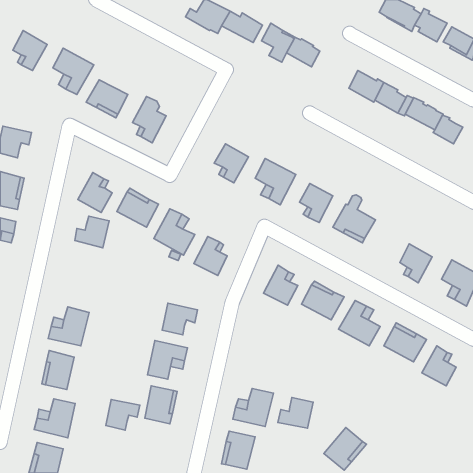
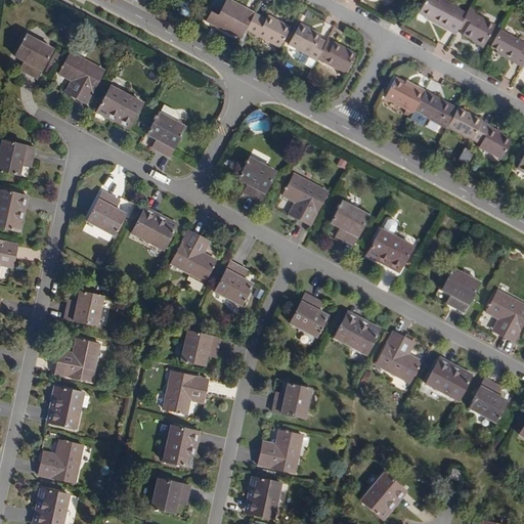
building: [75,216,109,248] -> [67,292,104,326]
building: [278,397,313,428] -> [272,383,311,417]
building: [106,400,140,430] -> [151,479,189,513]

